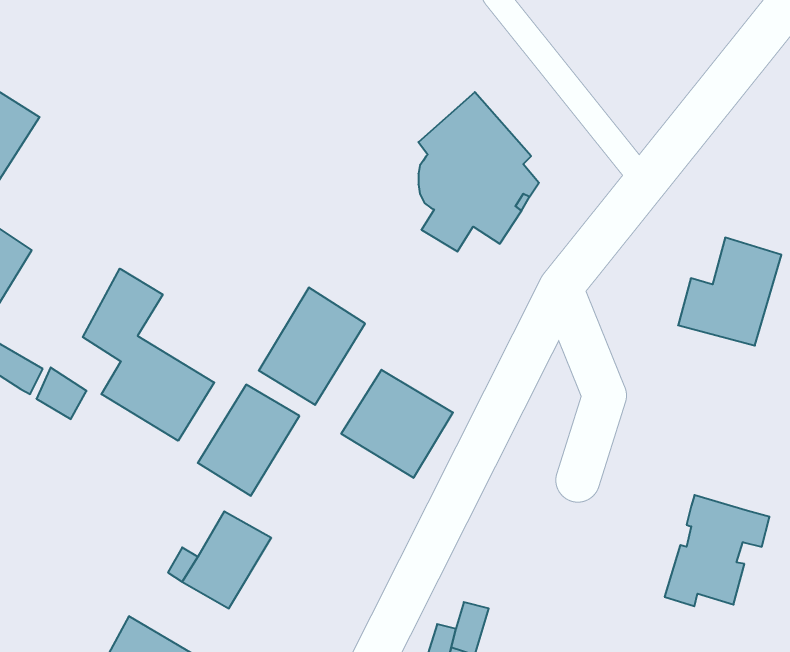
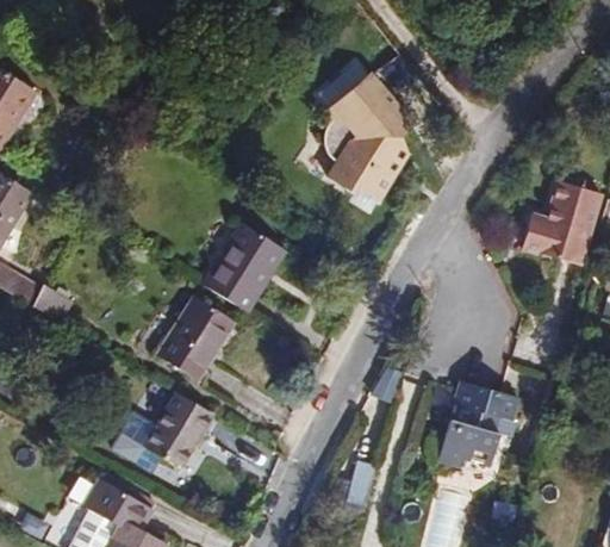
building: [83,269,214,441] -> none
building: [341,370,453,478] -> none
building: [665,495,770,606] -> [437,381,517,466]

